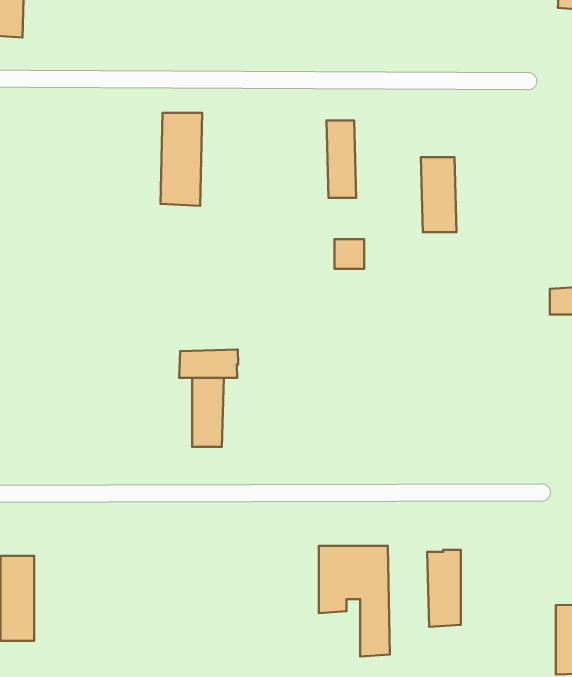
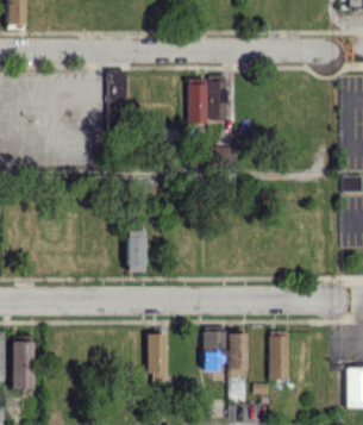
building: [421,157,456,232] -> [187,79,208,124]
building: [179,349,238,378] -> none
building: none -> [148,333,167,381]

